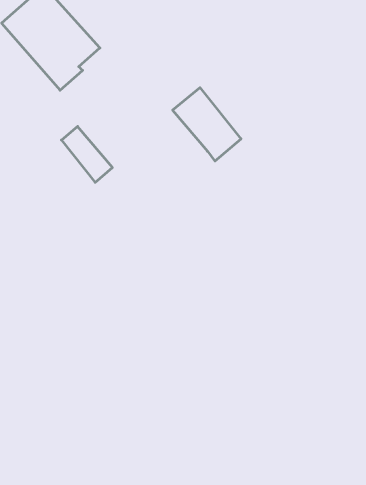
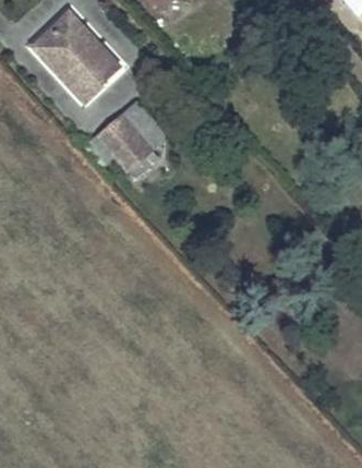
building: [173,88,241,161] -> [100,112,160,177]

